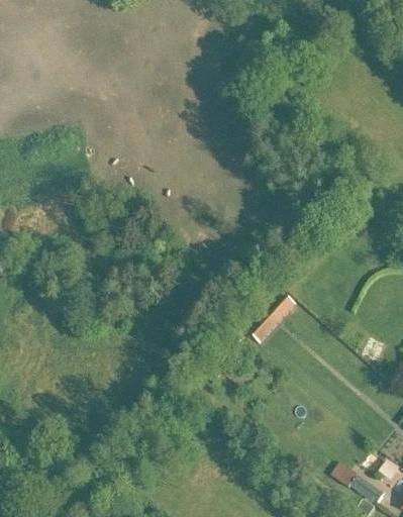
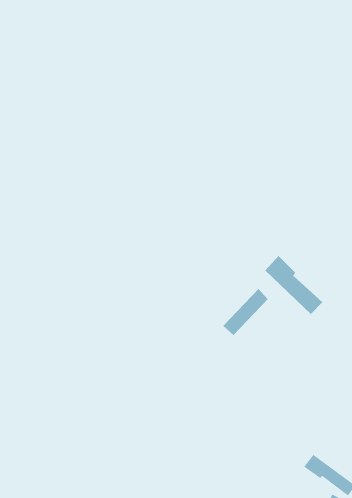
building: none -> [264,255,323,315]

